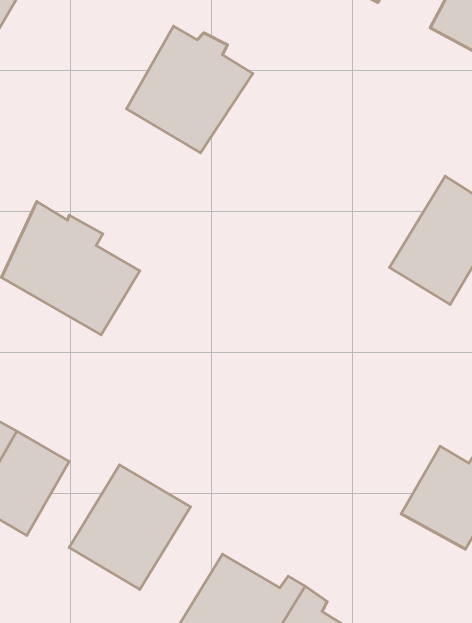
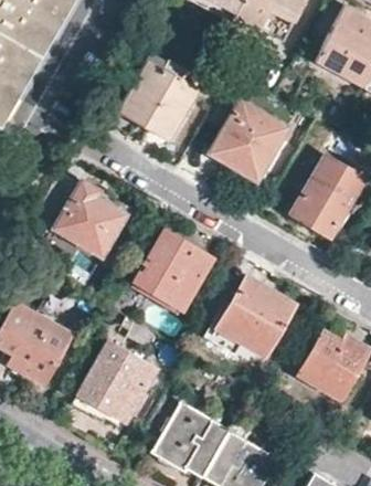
building: none -> [210,99,289,181]
building: none -> [134,228,214,310]
building: none -> [218,278,295,356]

